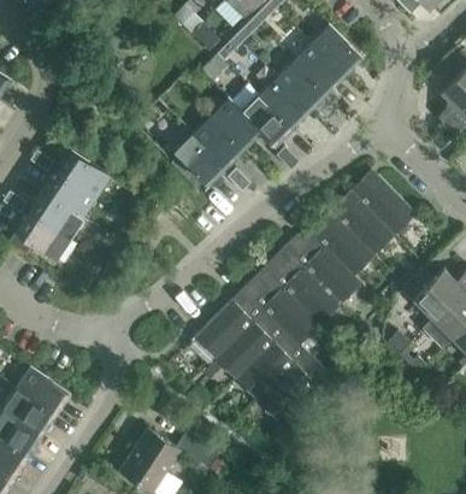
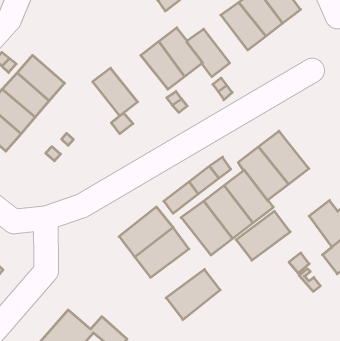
building: [258,77,309,129] -> none
building: [173,134,226,186] -> [93,68,138,116]
building: [356,176,415,235] -> none
building: [235,342,294,400] -> [236,211,290,260]

